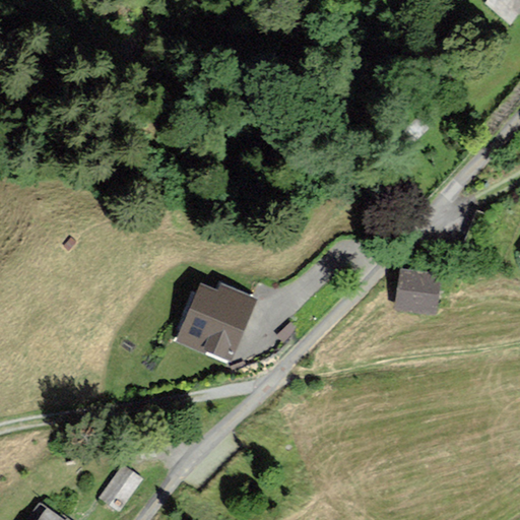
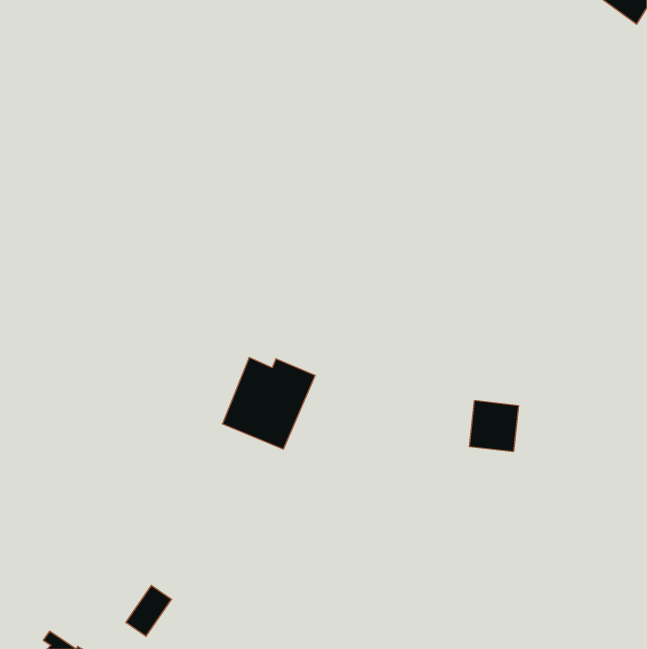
building: [397,270,437,311] -> [469,401,519,452]

